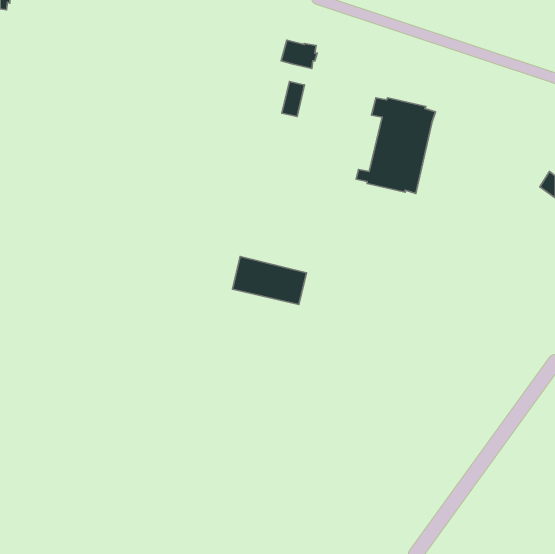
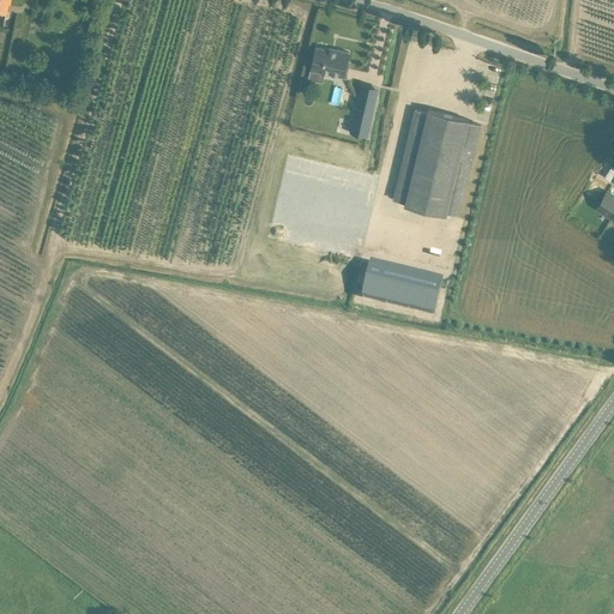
building: [282,82,305,116] -> [350,96,375,134]
building: [233,257,306,304] -> [362,260,444,313]

